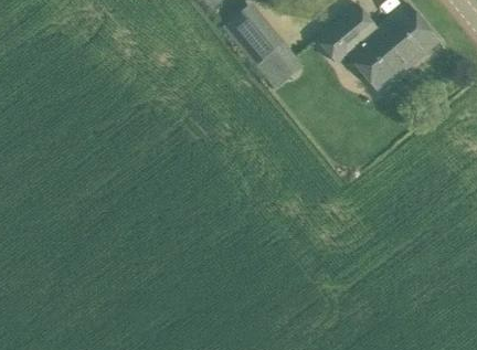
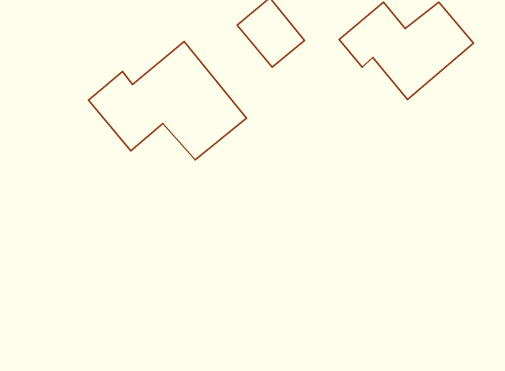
building: none -> [89,41,247,160]

